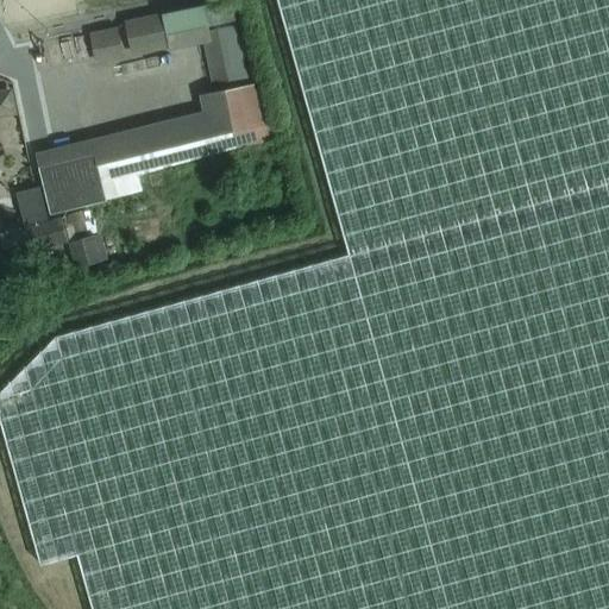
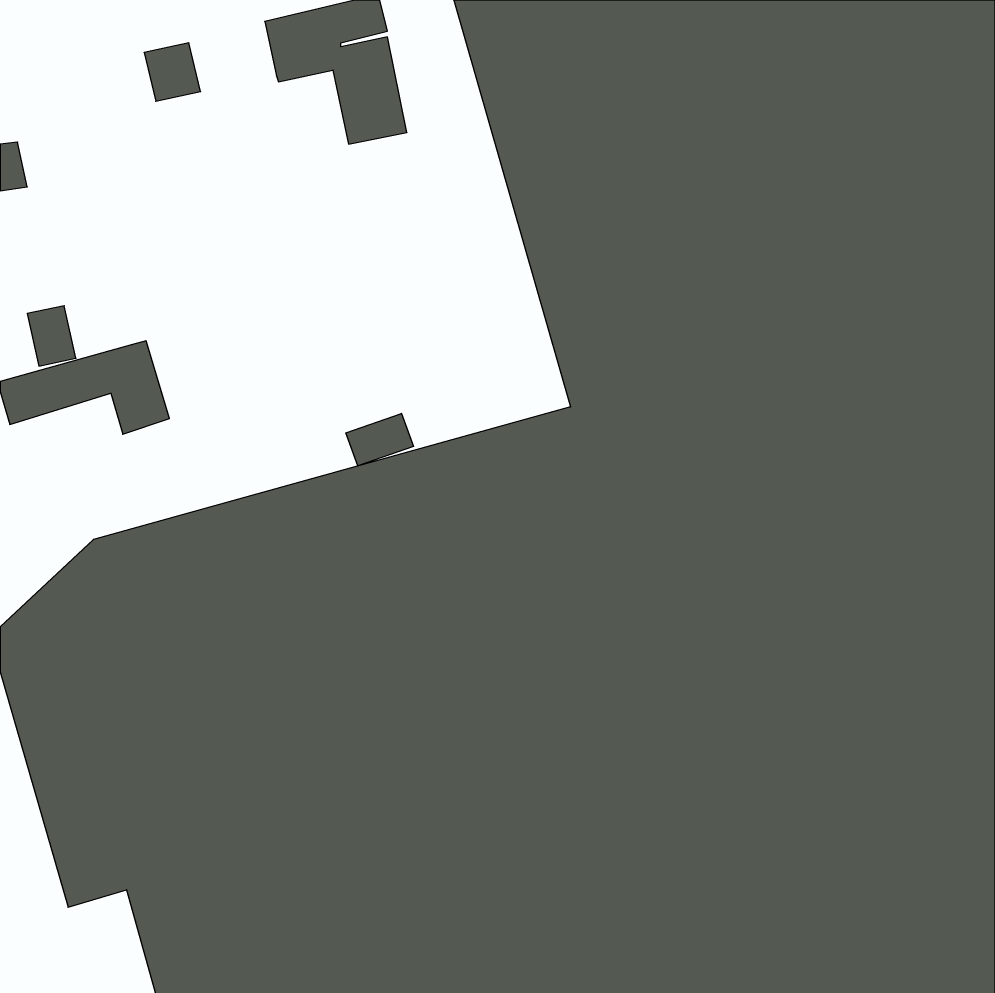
building: [125,14,169,57] -> none
building: [36,81,276,214] -> none
building: none -> [346,413,413,466]

